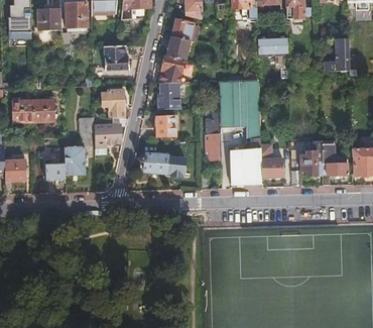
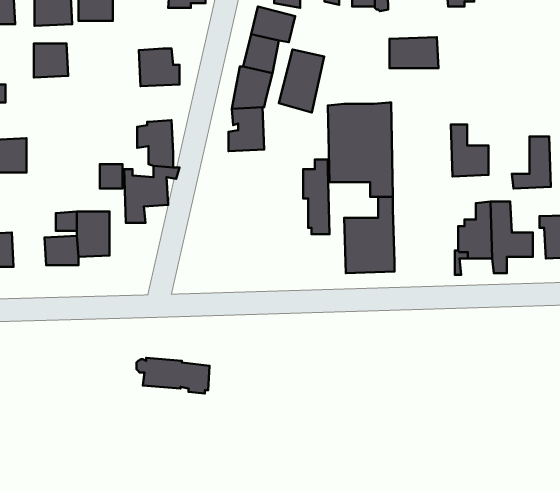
building: [325,37,349,70] -> [512,136,551,188]
building: none -> [279,49,324,113]
building: [33,100,54,121] -> [34,43,68,78]
building: [156,113,176,134] -> none
building: [260,144,283,177] -> [451,124,488,176]
building: [138,152,183,175] -> [136,358,210,393]

